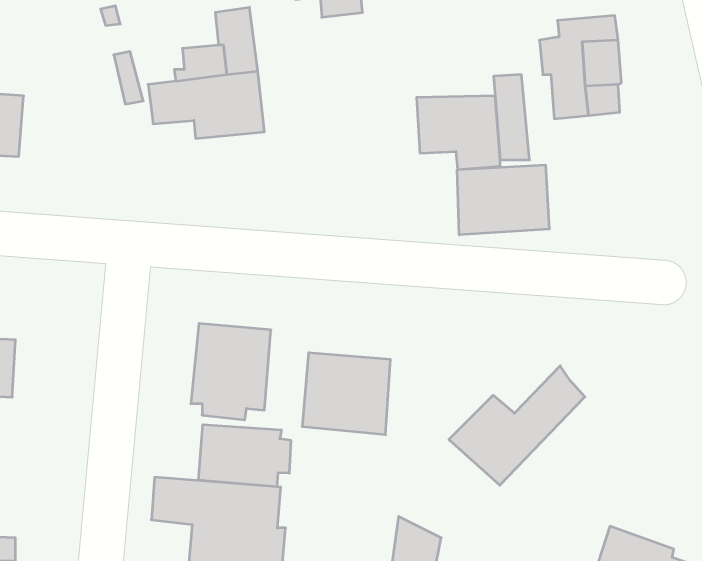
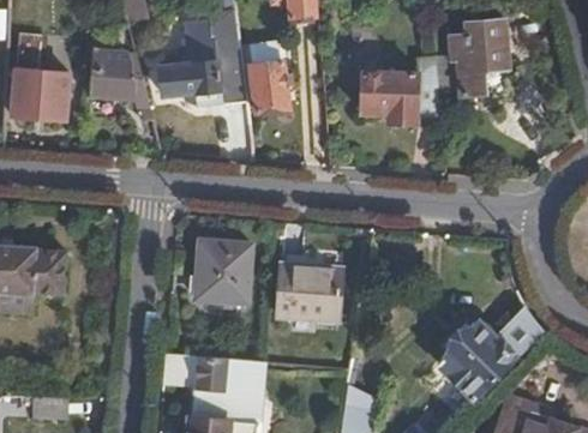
building: none -> [253,37,289,108]
building: none -> [89,59,158,134]
building: [457,165,549,235] -> none
building: [449,366,585,485] -> [442,306,541,393]
building: [198,425,291,487] -> none

